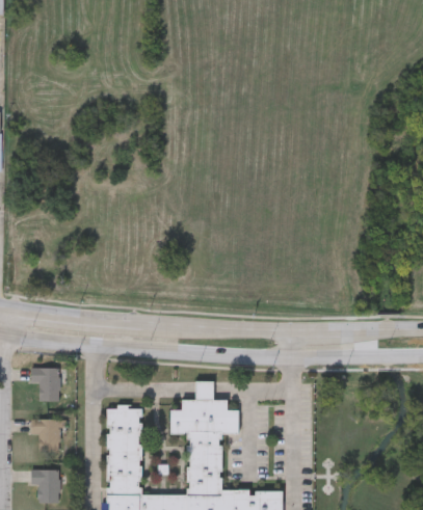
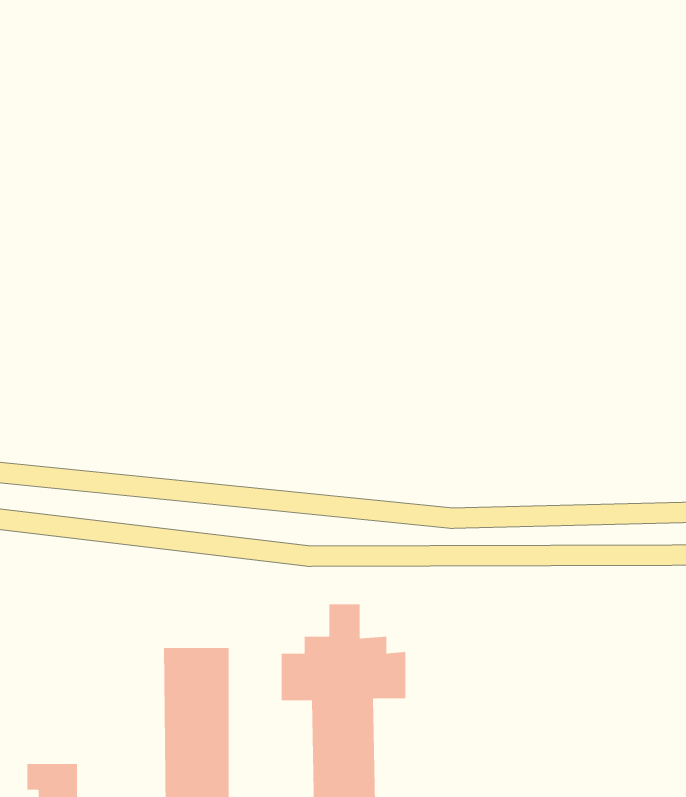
building: [29,368,59,401] -> none
building: [31,420,60,453] -> none

